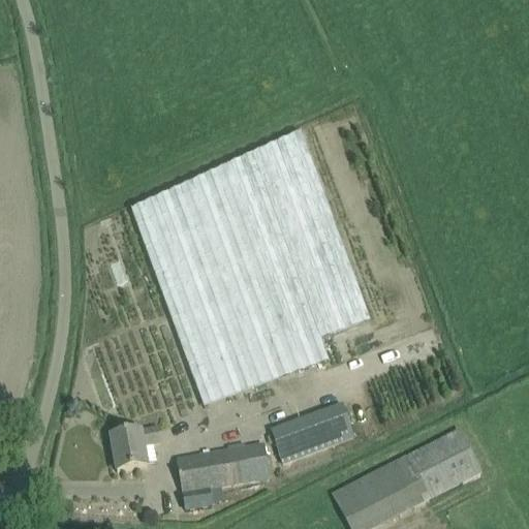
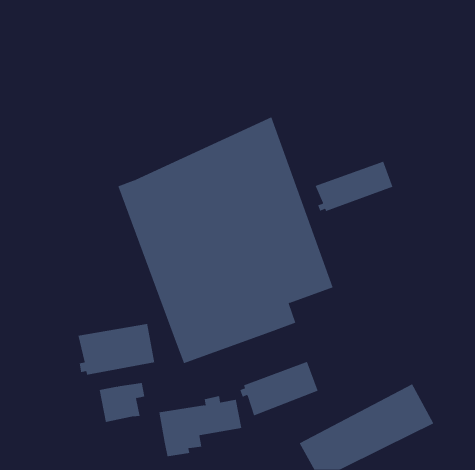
building: none -> [315,161,393,212]
building: none -> [78,323,155,376]

